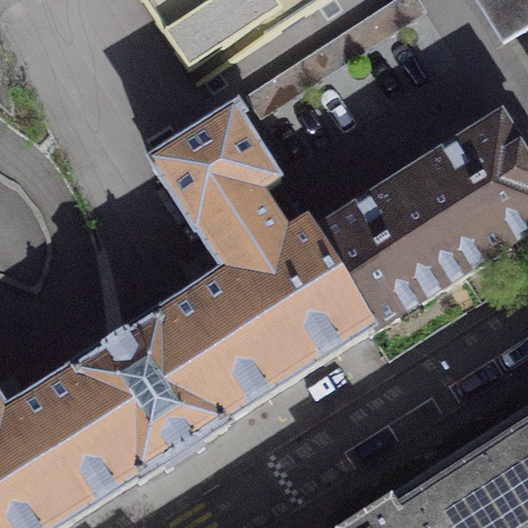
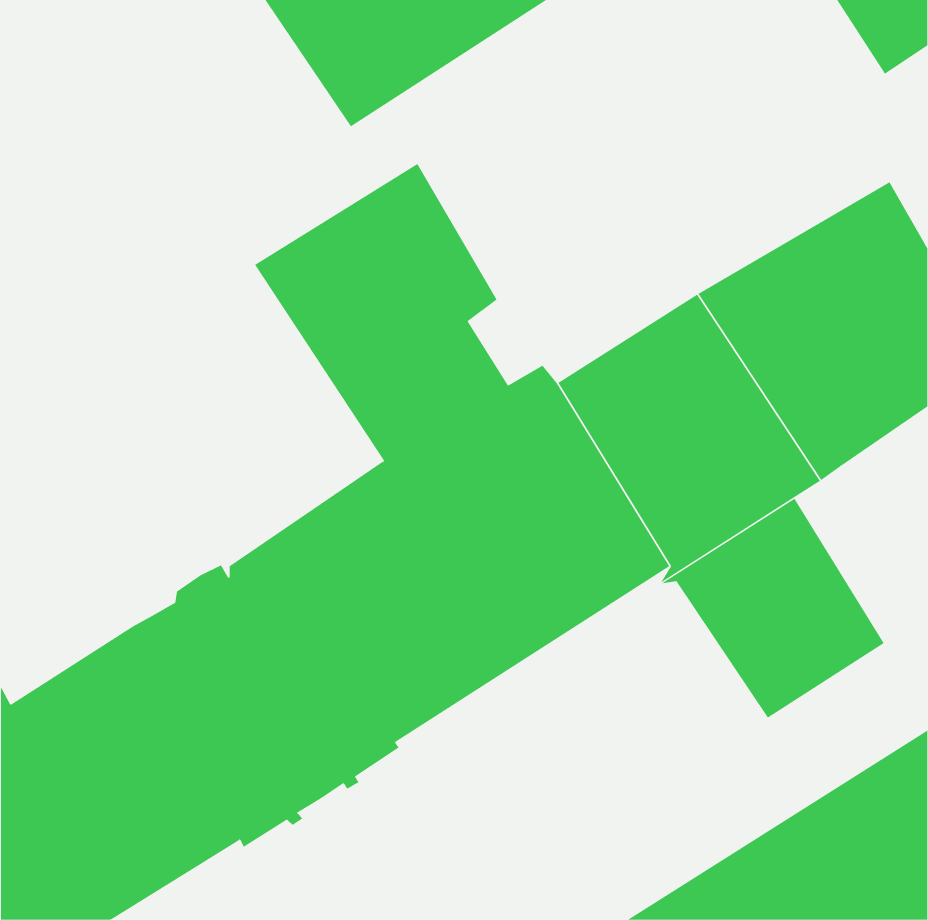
building: none -> [659,498,885,719]

